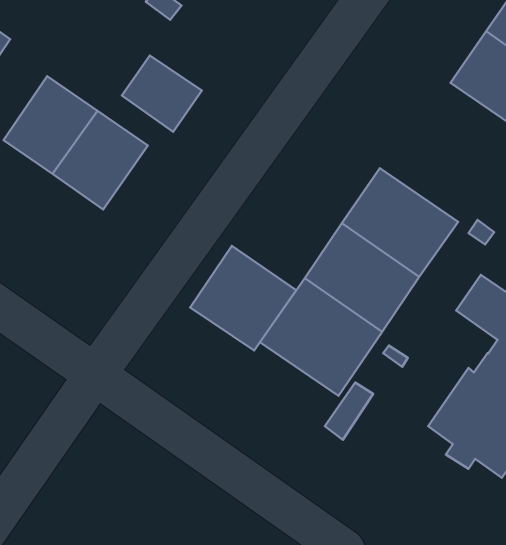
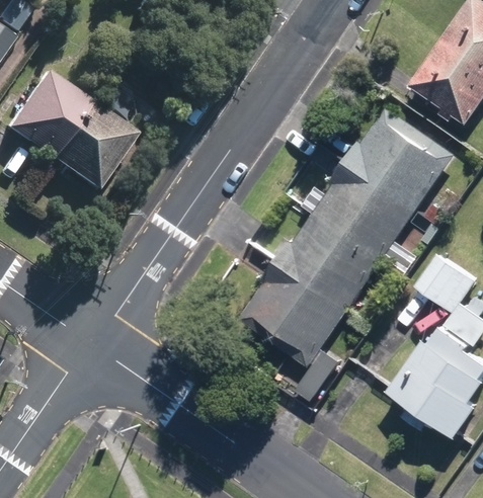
building: [122,56,202,132] -> none
building: none -> [347,99,457,204]
building: [190,246,296,350] -> none

